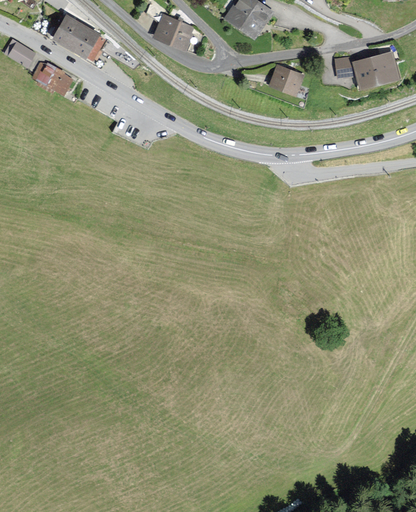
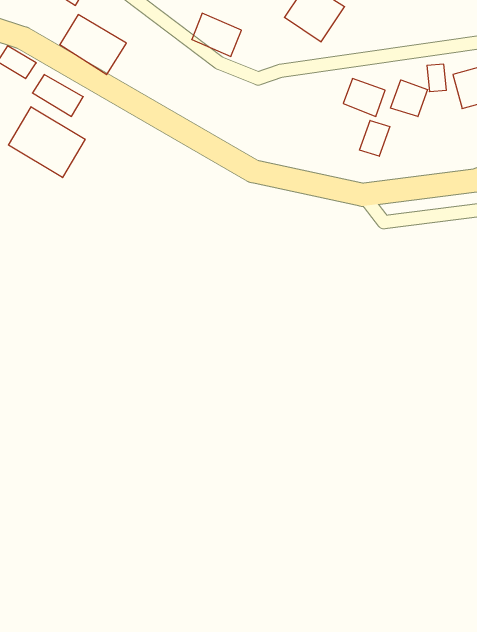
building: none -> [390,80,427,117]
building: none -> [8,107,85,178]
building: none -> [359,120,390,156]

